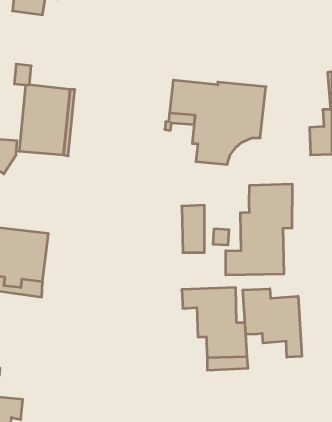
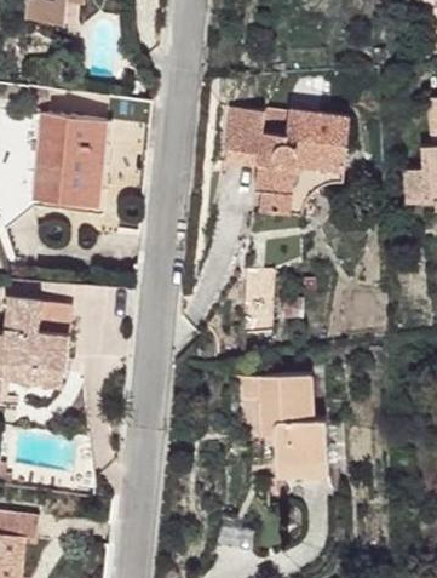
building: [226,184,292,275] -> none
building: [243,289,302,357] -> none

